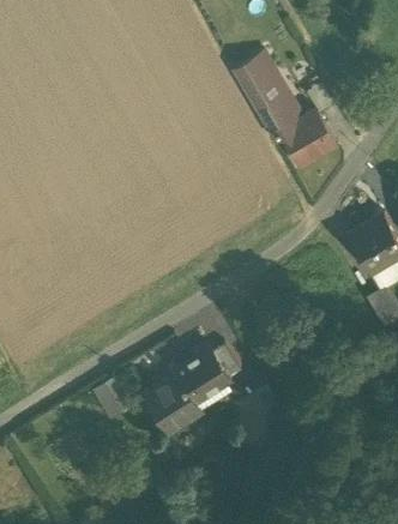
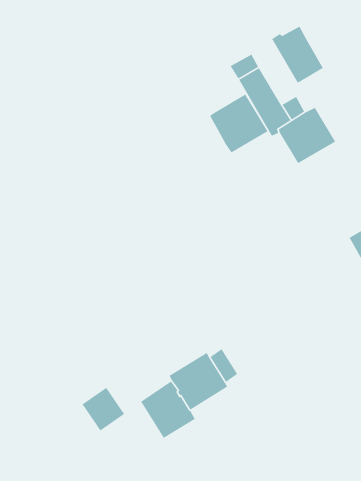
building: none -> [271,25,324,84]
building: none -> [209,94,269,153]

